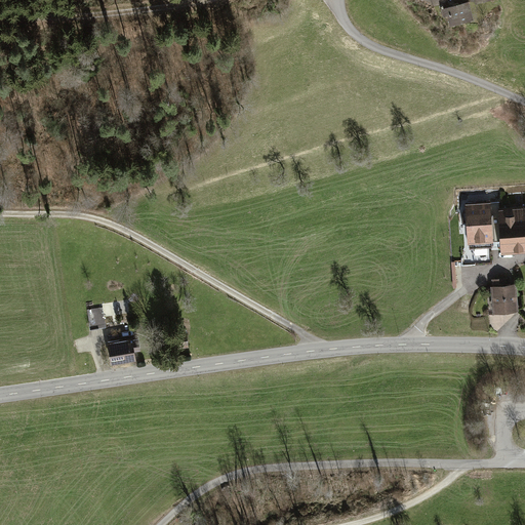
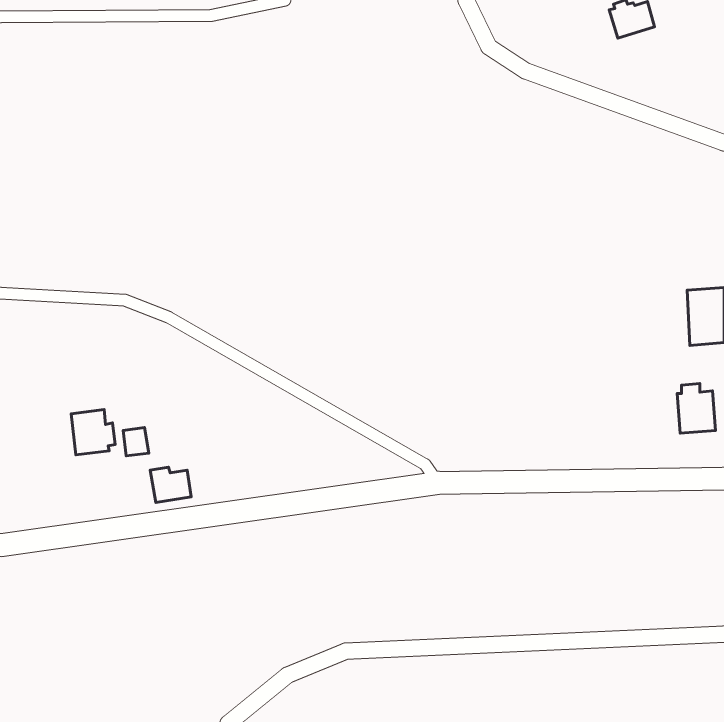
building: [463,192,501,249] -> none
building: none -> [71,410,115,455]

